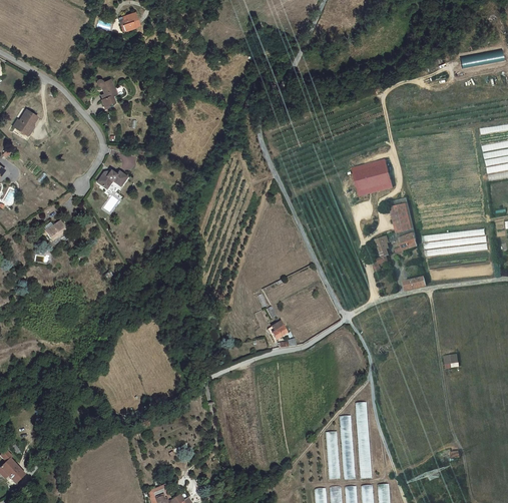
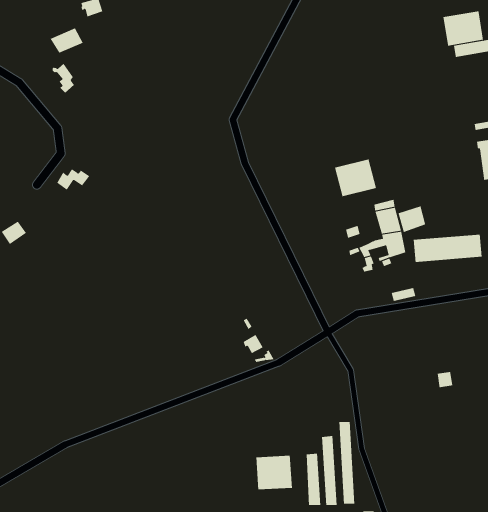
building: none -> [443,10,484,46]
building: none -> [50,28,84,54]
building: none -> [398,205,426,233]
building: none -> [256,455,292,490]

